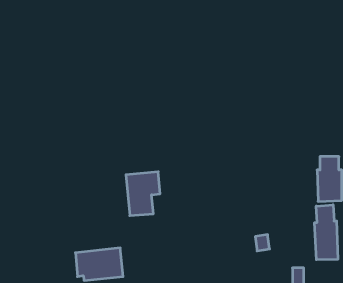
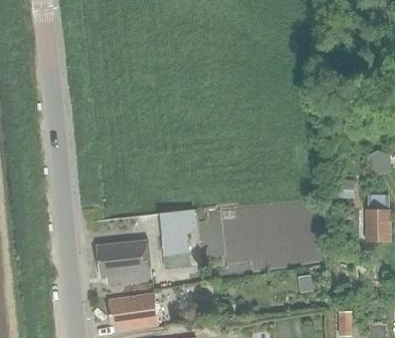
building: none -> [96,237,152,280]
building: [315,205,338,260] -> none

